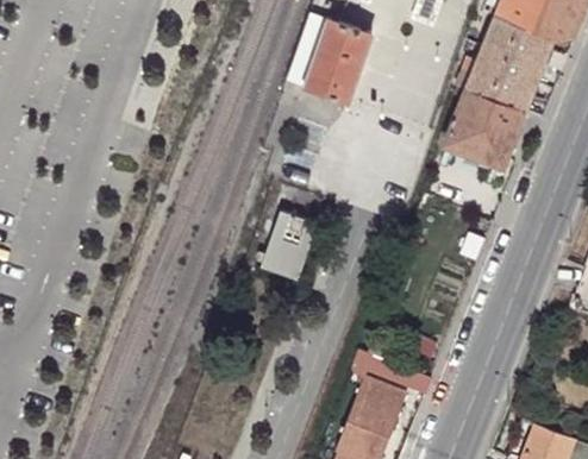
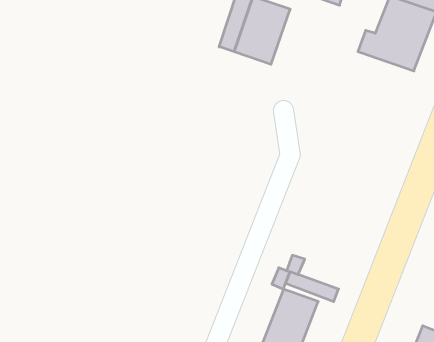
building: [444,88,525,169] -> none
building: [264,210,320,282] -> none

